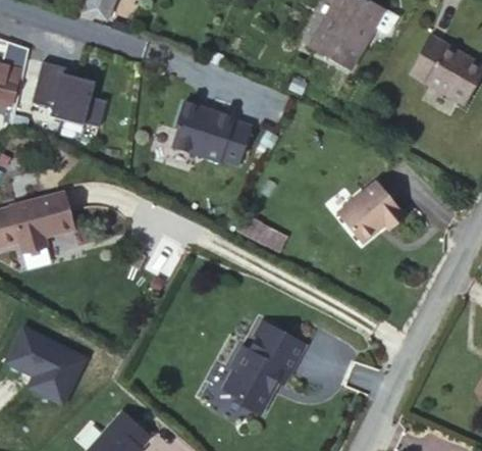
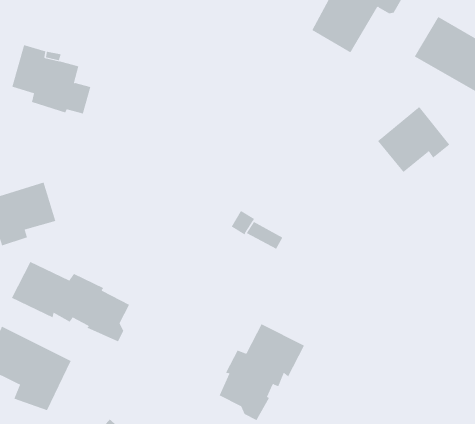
building: [171,102,242,162] -> none
building: [336,182,405,244] -> [377,106,450,173]
building: none -> [11,261,130,342]

